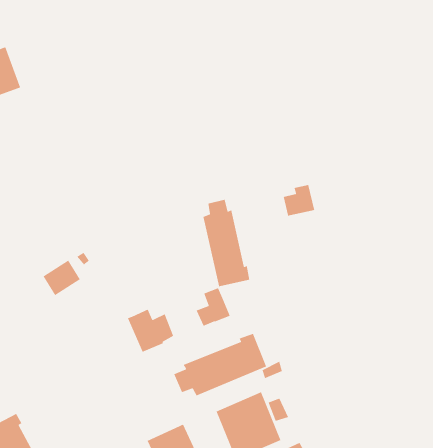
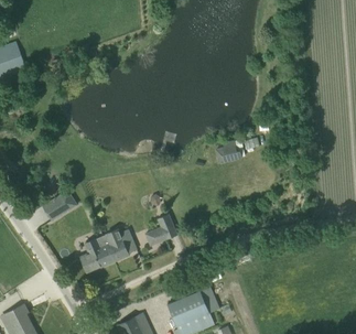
building: [202,199,250,287] -> none
building: none -> [80,236,114,272]
building: [173,333,267,397] -> none

